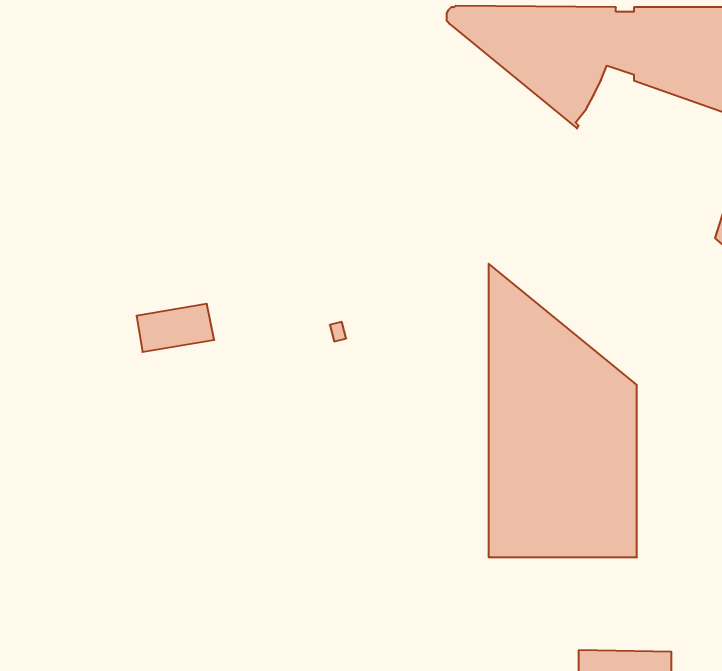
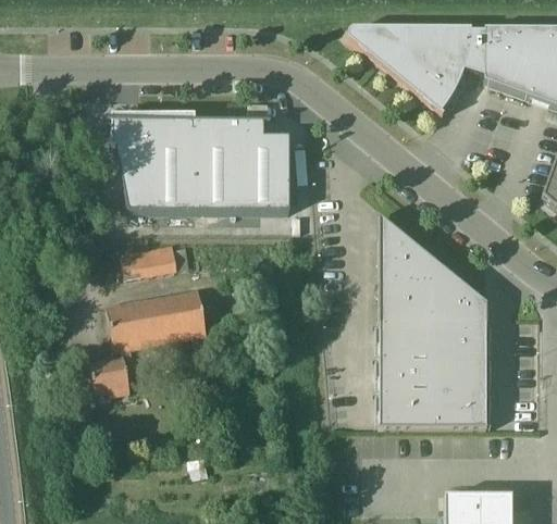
building: none -> [116,112,290,208]
building: none -> [91,291,208,395]

